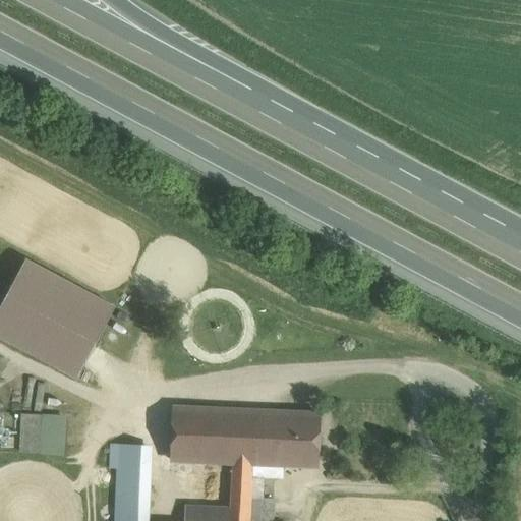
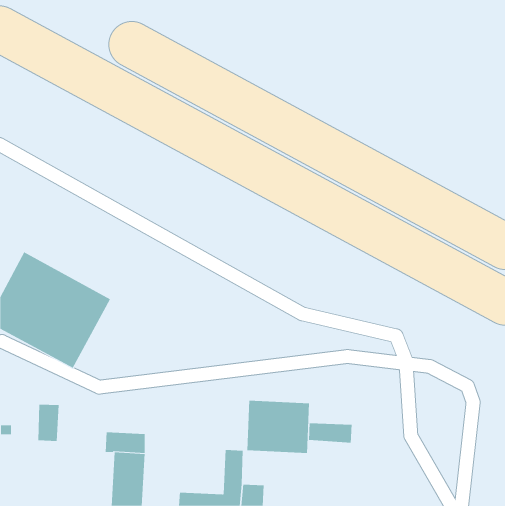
building: [170,408,255,463] -> none
building: [19,414,40,453] -> none
building: none -> [308,422,352,443]

